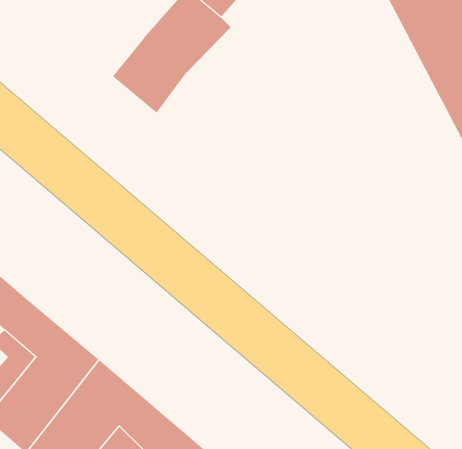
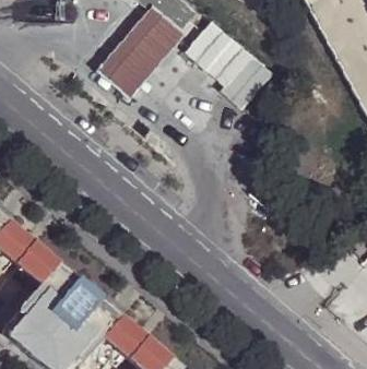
building: none -> [187,16,274,105]

